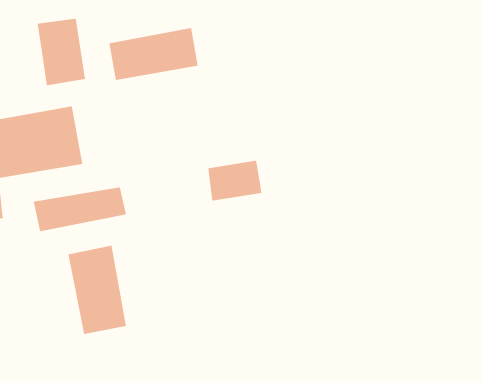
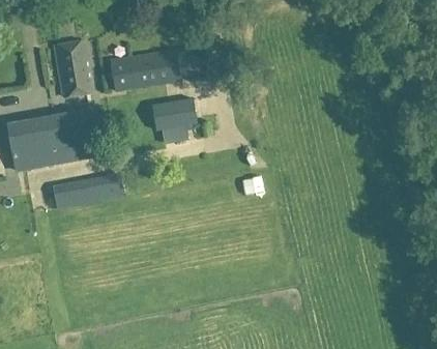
building: [208,160,262,201] -> [154,96,197,128]
building: [68,245,126,335] -> none

